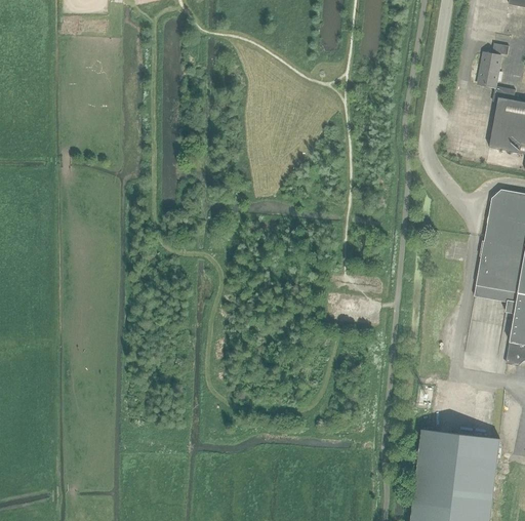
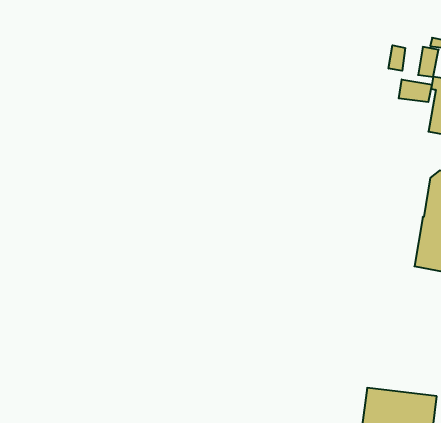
building: none -> [389,45,405,71]
building: none -> [399,79,432,102]

